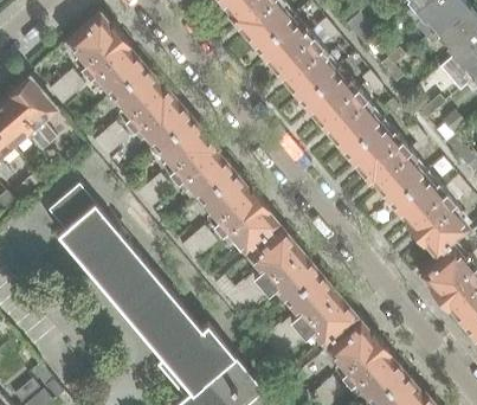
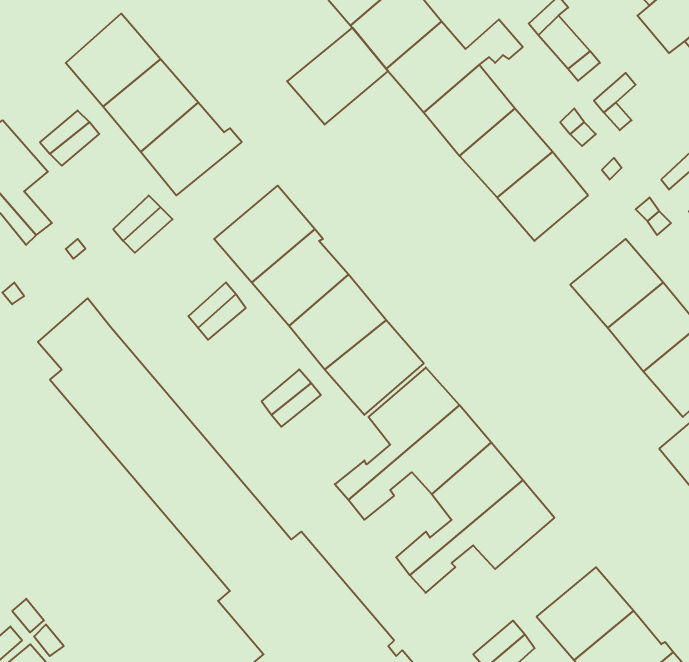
building: [130,89,191,147] -> [287,28,388,125]
building: [344,121,399,174] -> none
building: [323,316,381,373] -> none

